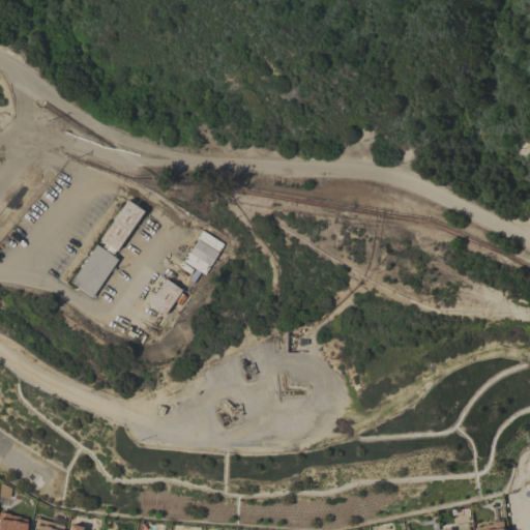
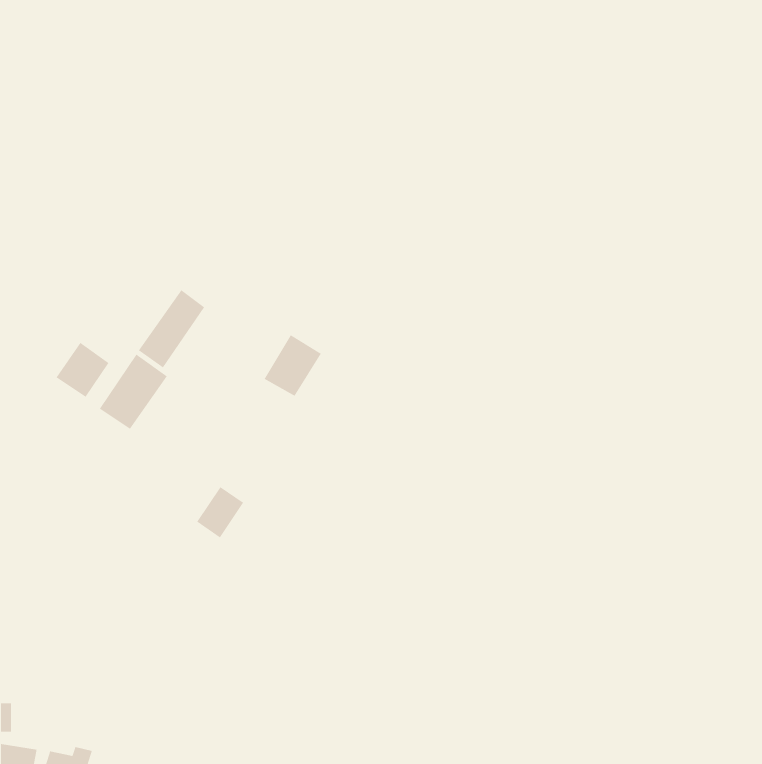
building: none -> [55,342,110,398]
building: [149,279,182,316] -> [196,486,244,538]

